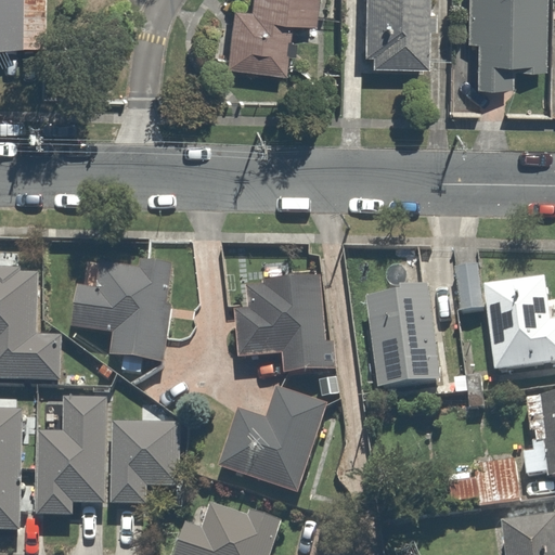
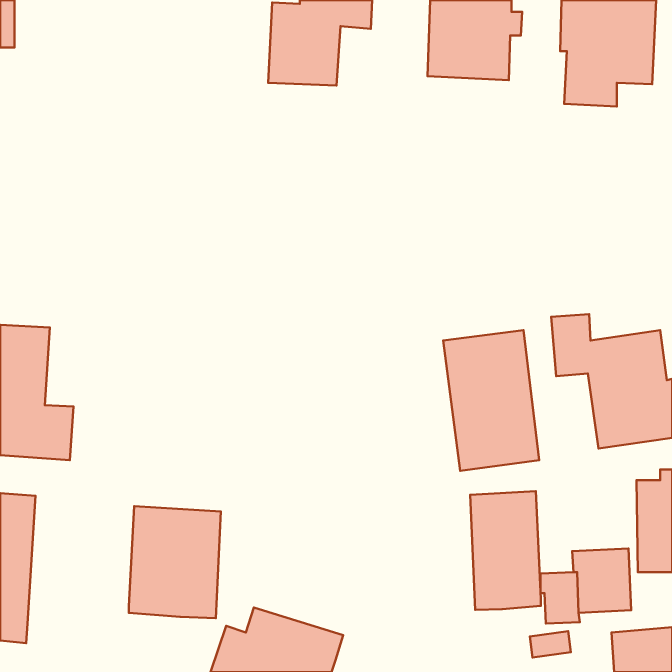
building: [70,261,170,362] -> none
building: [233,276,327,371] -> none
building: [217,384,327,495] -> none
building: [31,395,112,517] -> none
building: none -> [470,491,541,610]

